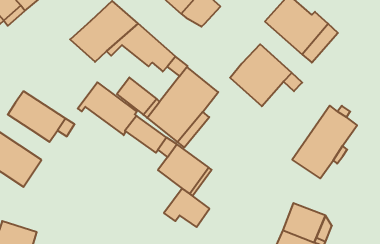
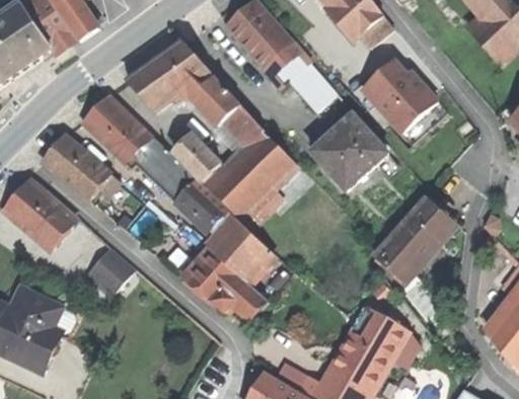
building: none -> [289,63,337,110]
building: none -> [82,95,151,163]
building: none -> [184,248,238,303]
building: none -> [87,246,133,293]

